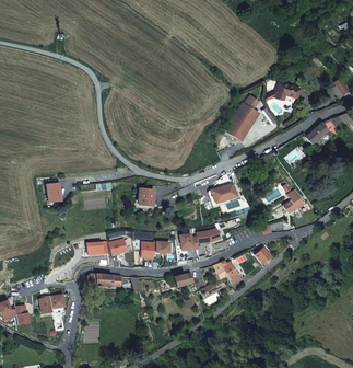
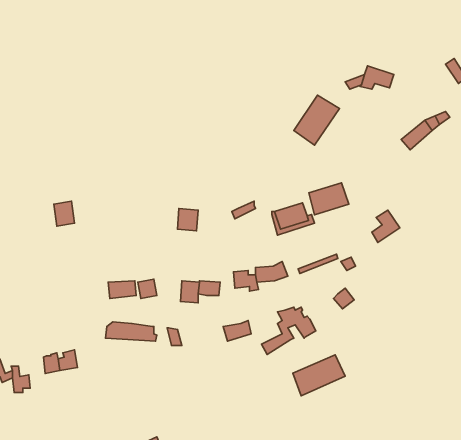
building: none -> [309,183,349,215]
building: none -> [293,355,345,396]

